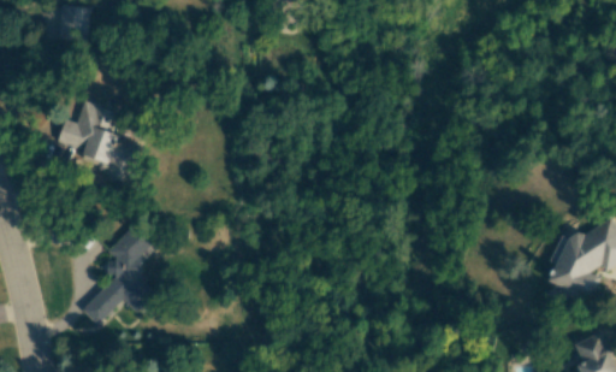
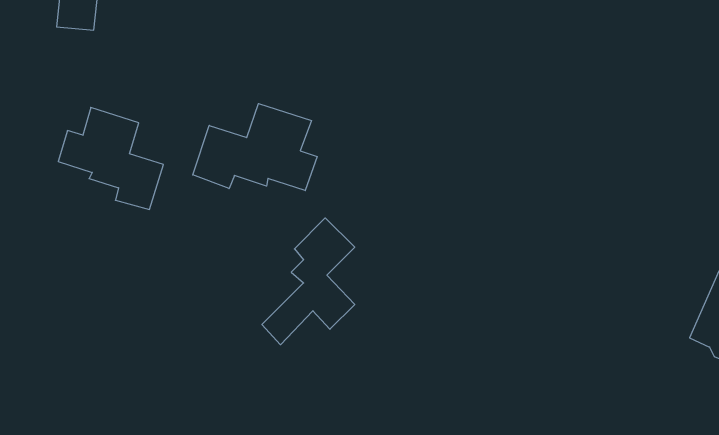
building: none -> [193,104,317,191]
building: [82,226,154,325] -> [262,218,355,345]

